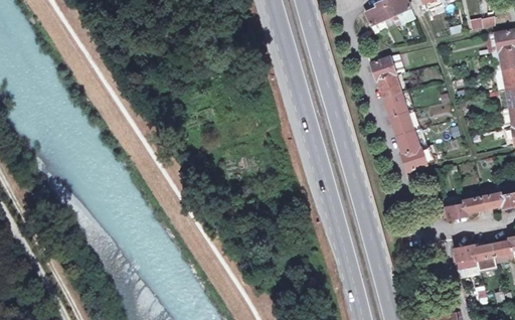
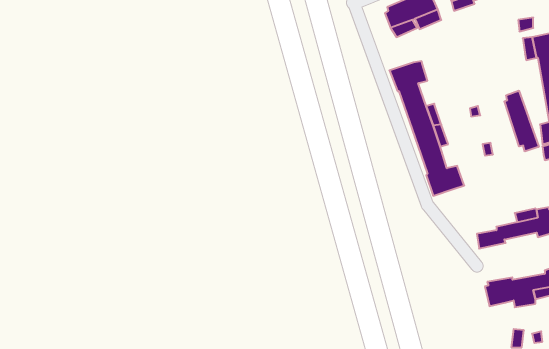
building: none -> [504,91,539,151]

